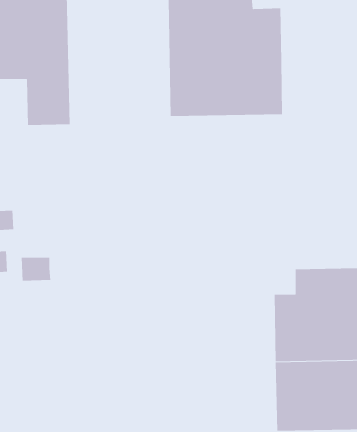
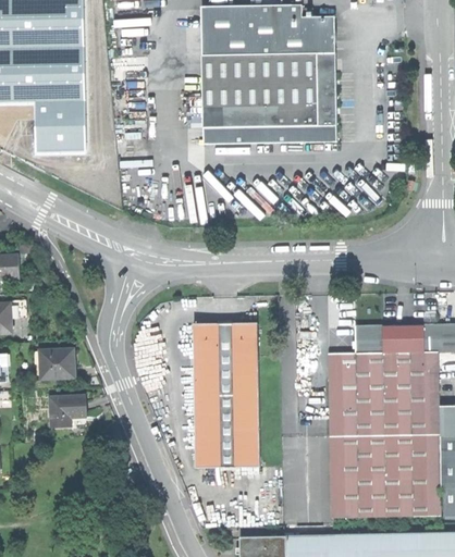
building: [21,257,51,281] -> [41,348,77,376]
building: none -> [192,324,259,469]
building: none -> [52,396,87,426]

